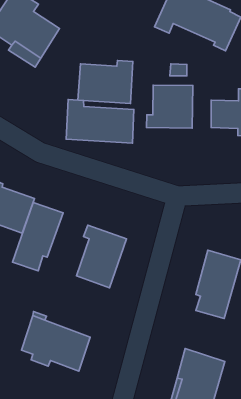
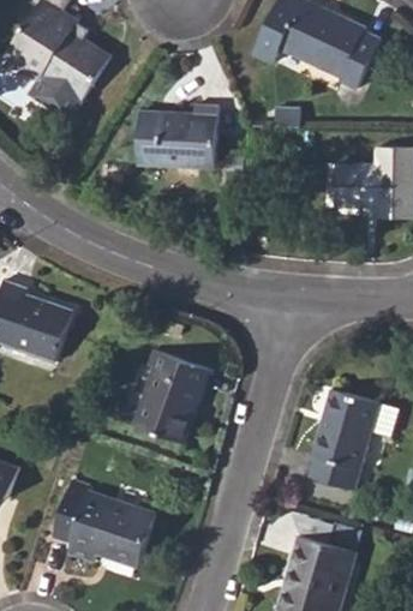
building: [146,85,193,128] -> none
building: [66,100,134,143] -> none
building: [13,203,63,271] -> none

